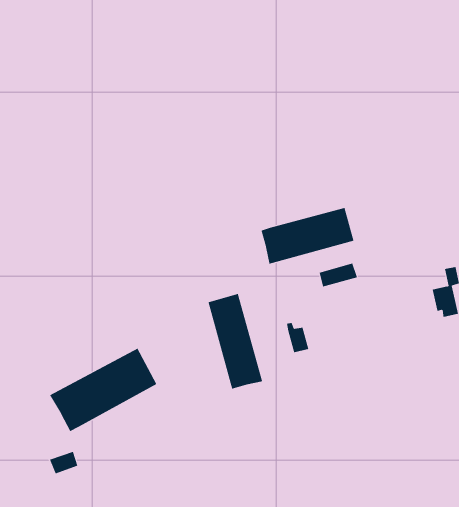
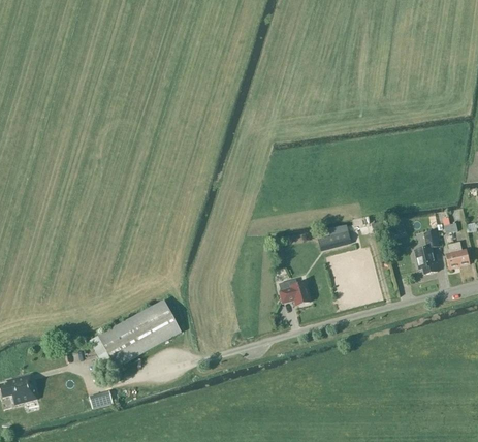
building: [261,207,354,265] -> none
building: [208,293,263,389] -> none

